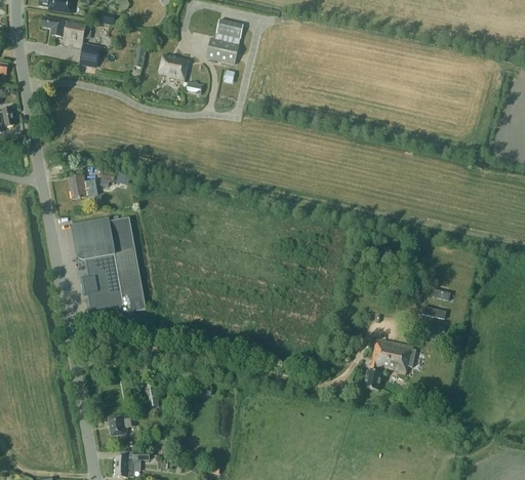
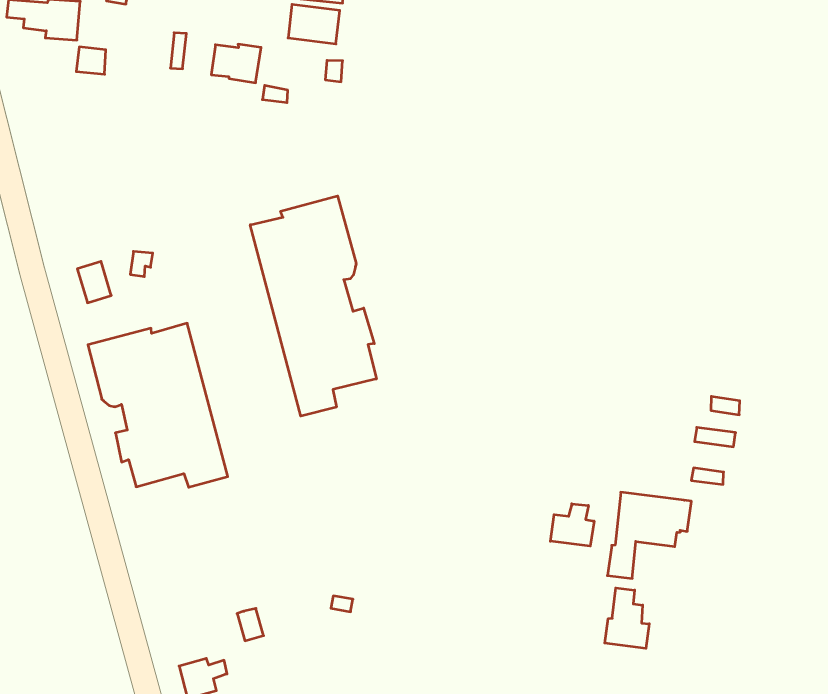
building: none -> [250,196,376,416]
building: none -> [550,504,594,546]
building: none -> [605,588,649,648]

